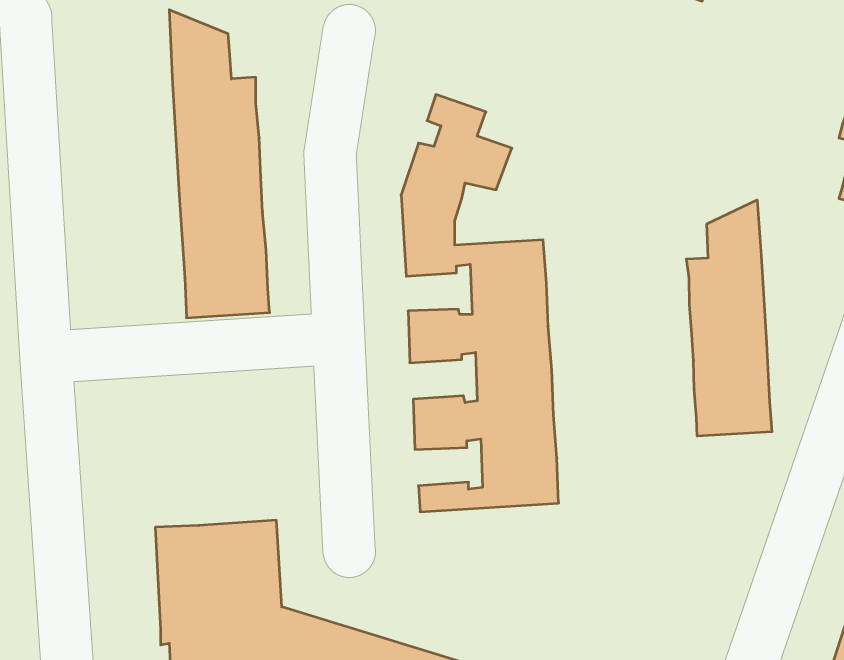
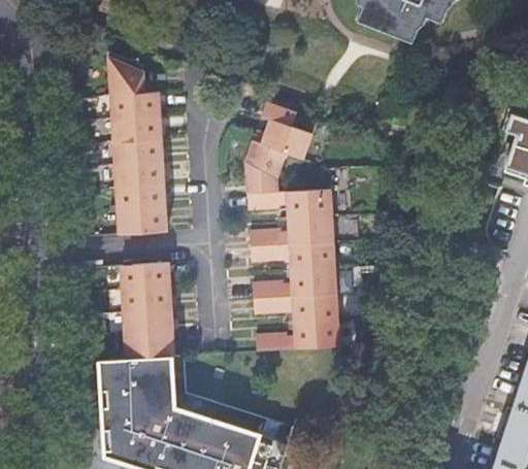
building: [686,200,772,436] -> none
building: none -> [120,263,171,359]

